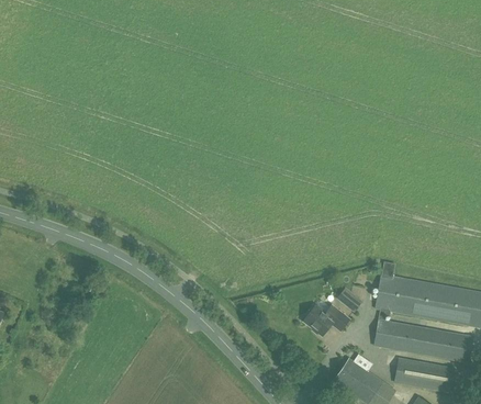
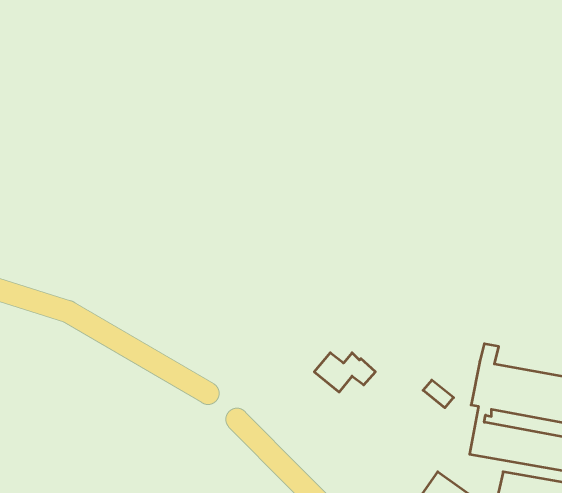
building: [303,305,349,335] -> [314,353,375,392]

